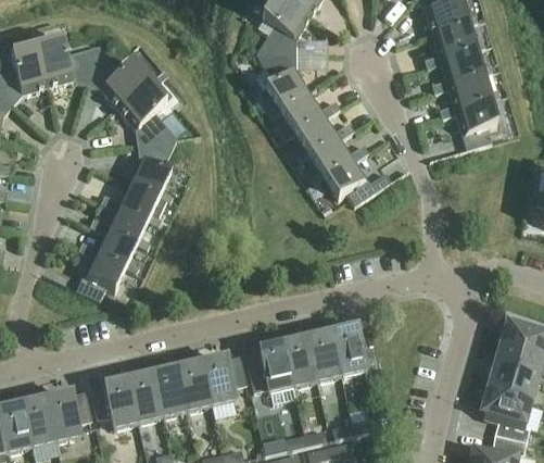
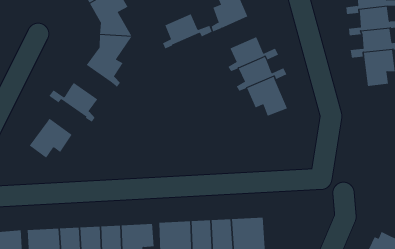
building: [280,90,339,138] -> [162,14,212,49]
building: [100,182,165,225] -> none
building: [77,228,138,273] -> none

